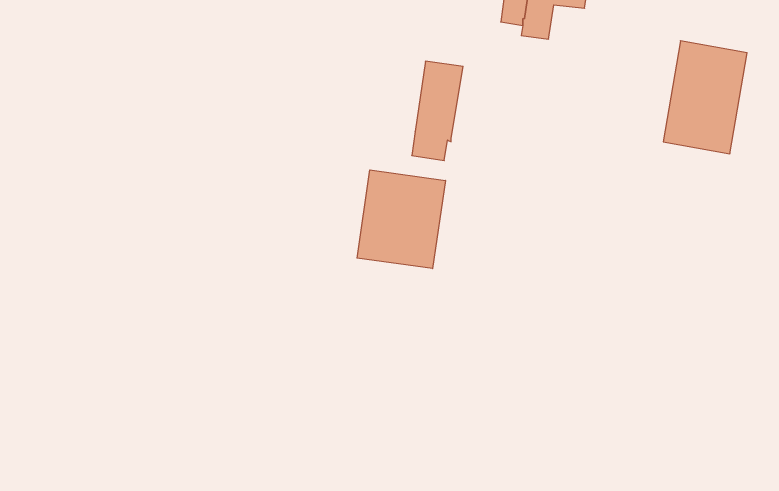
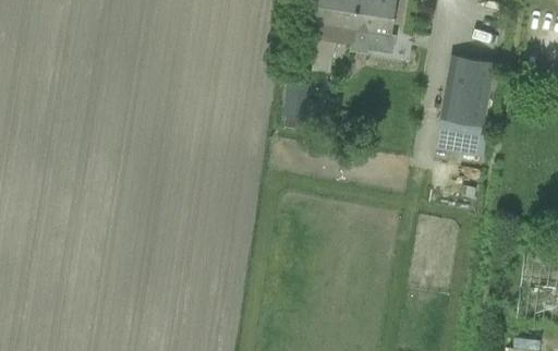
building: none -> [437,118,485,155]
building: [357,170,445,269] -> none

